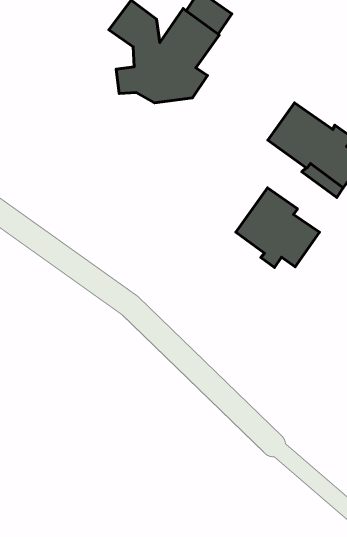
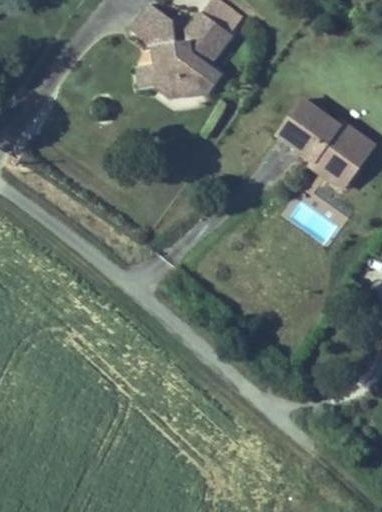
building: [236,188,320,267] -> none

